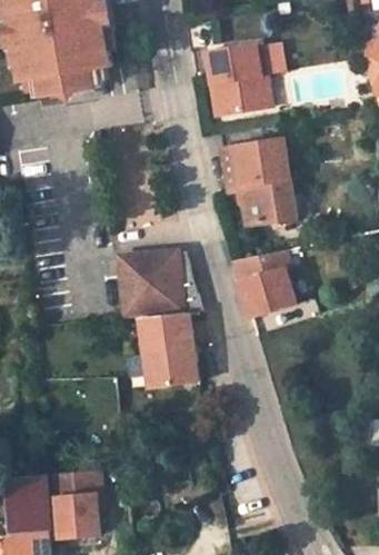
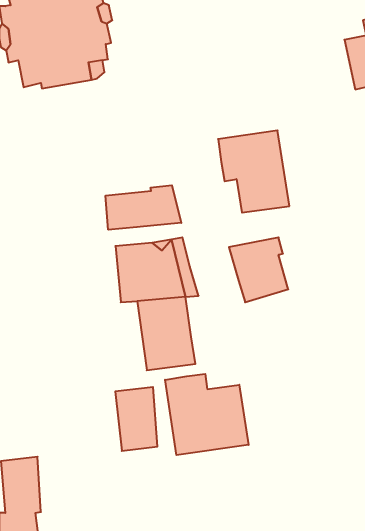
building: [209,44,272,118] -> none
building: none -> [106,185,181,230]
building: none -> [165,374,249,455]
building: [48,476,91,542] -> [115,387,157,451]

